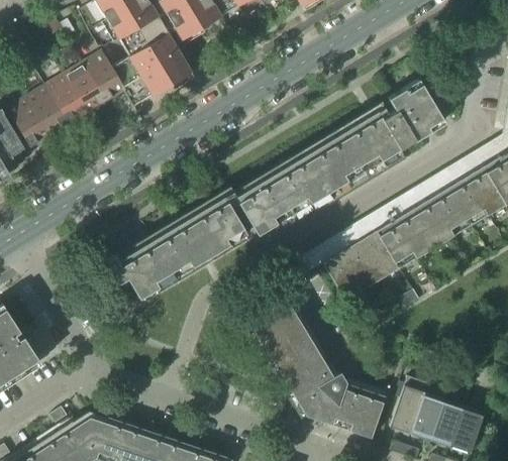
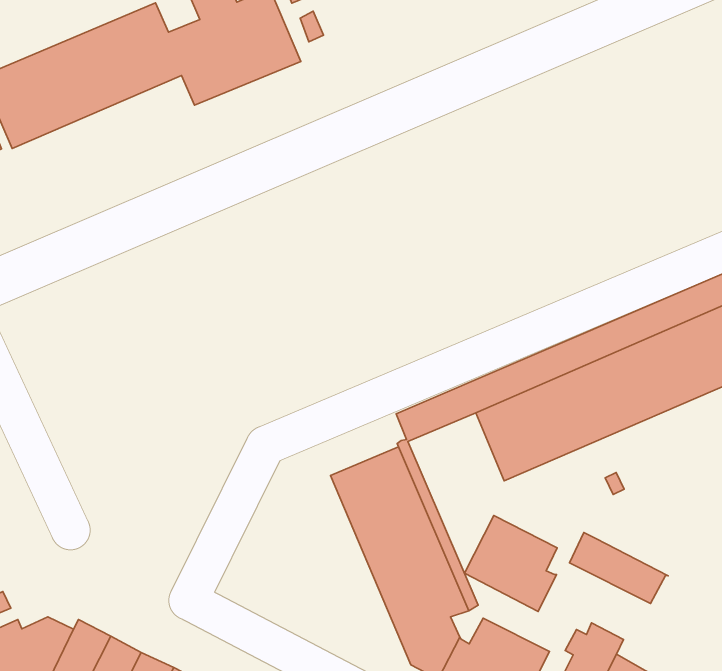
building: [235,85,444,235] -> none
building: [105,197,247,300] -> none
building: none -> [464,516,557,611]
building: none -> [569,533,668,603]

